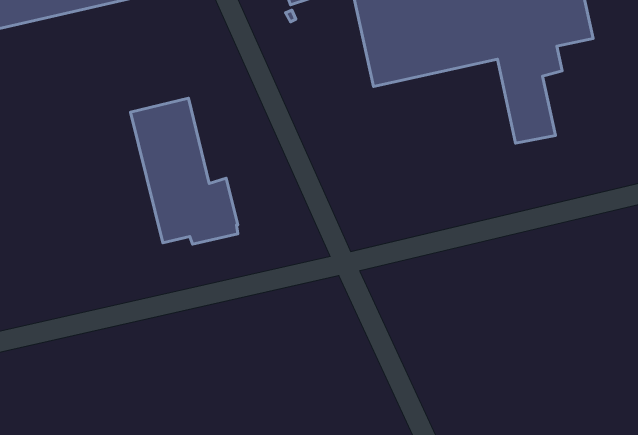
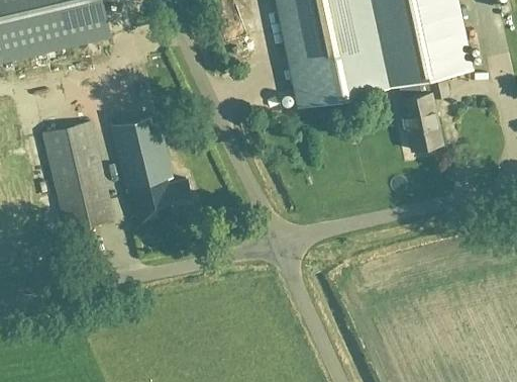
building: none -> [42,122,113,232]

